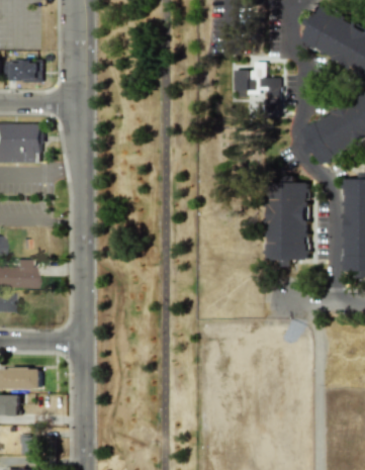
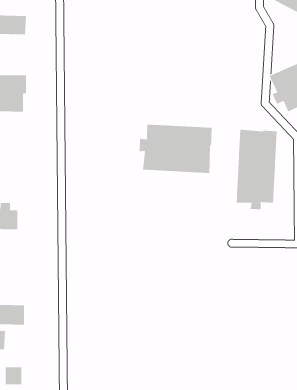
building: [234,62,279,110] -> none
building: none -> [139,124,212,174]

